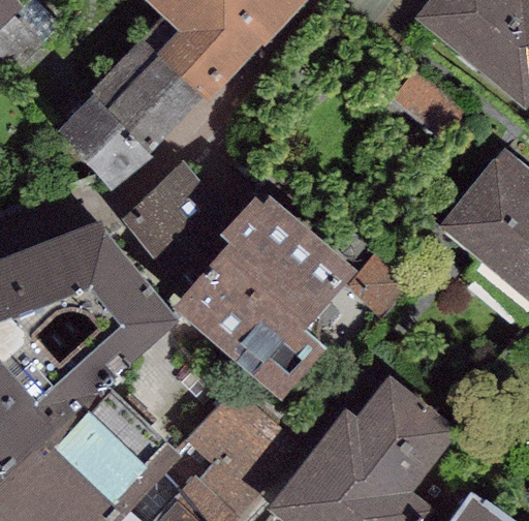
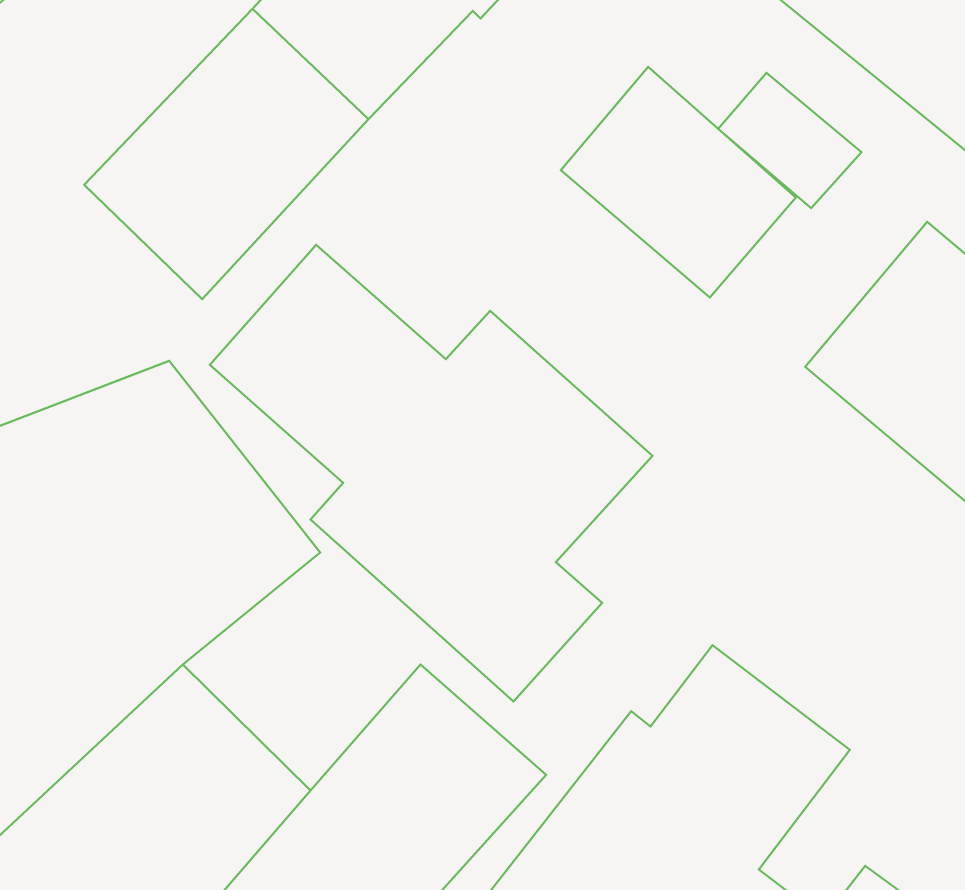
building: none -> [561,67,796,297]

